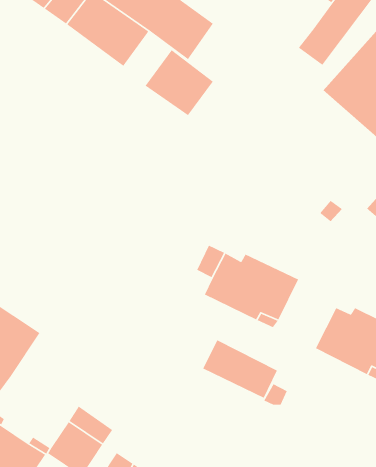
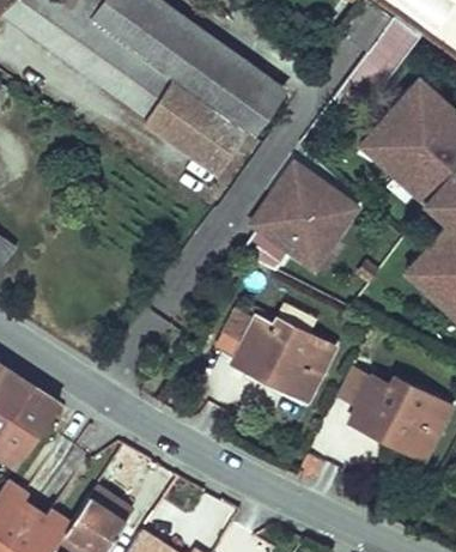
building: none -> [217,72,281,137]
building: none -> [145,83,199,139]
building: none -> [243,162,359,269]
building: [202,339,278,399] -> none

